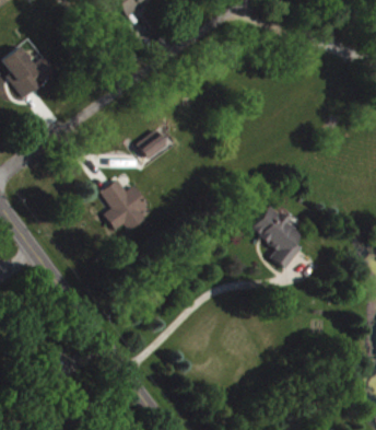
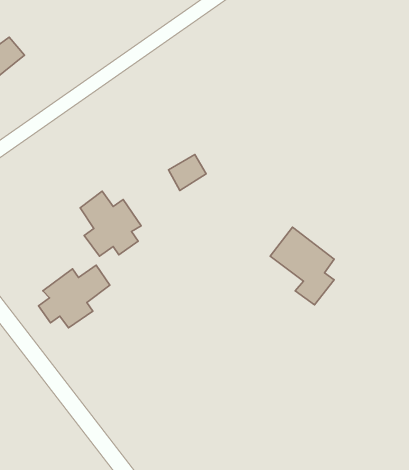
building: [138,130,167,159] -> [169,155,206,191]
building: none -> [38,265,110,328]

